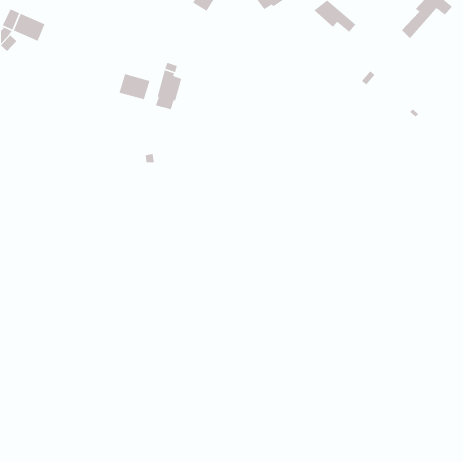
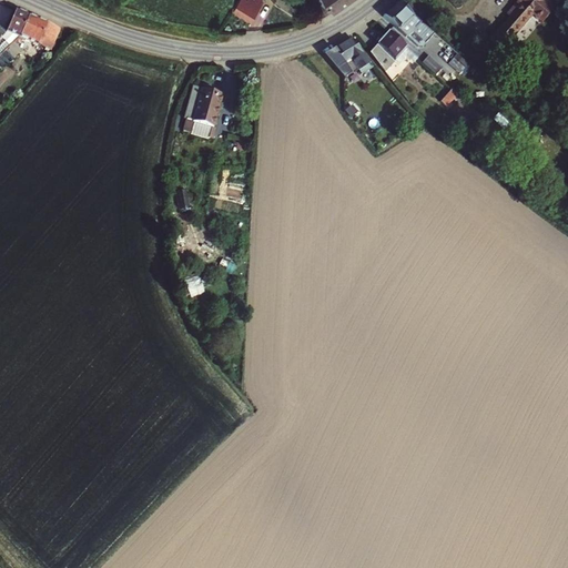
building: none -> [372,28,420,69]
building: none -> [325,34,372,81]
building: [118,73,150,100] -> none

